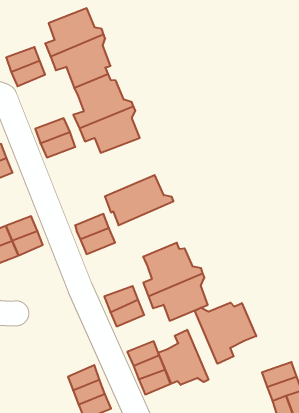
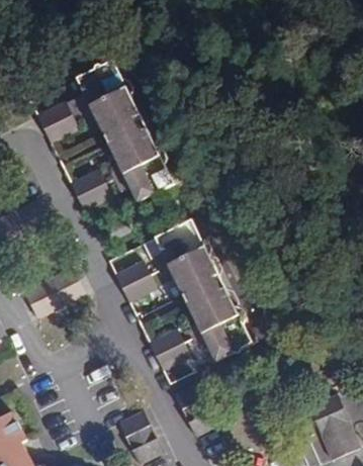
building: none -> [159,245,218,301]
building: [195,303,256,364] -> none
building: [158,330,208,385] -> none

